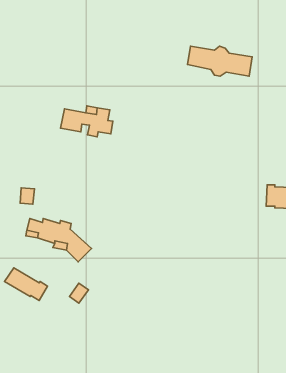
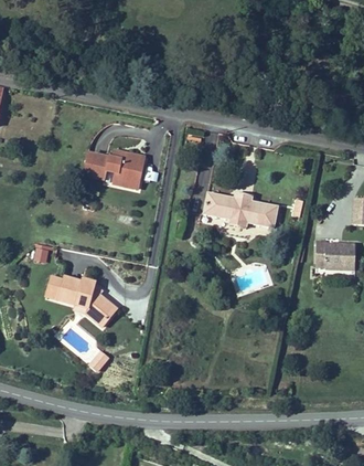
building: [188,46,252,76] -> [204,189,278,223]
building: [5,268,48,301] -> none

